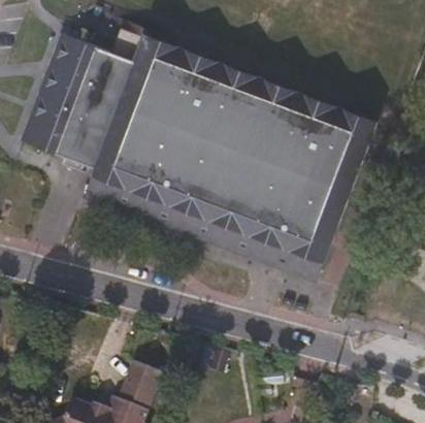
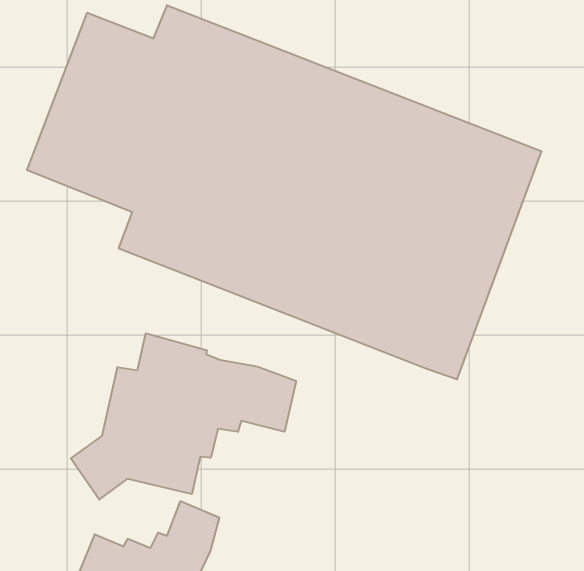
building: none -> [71,333,296,500]

